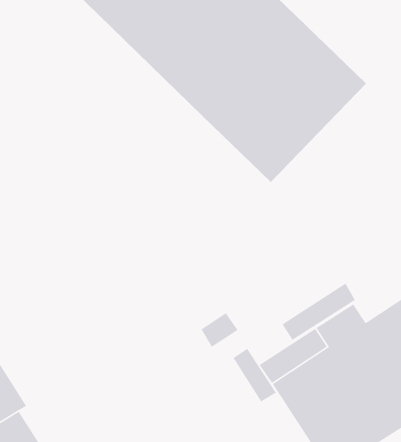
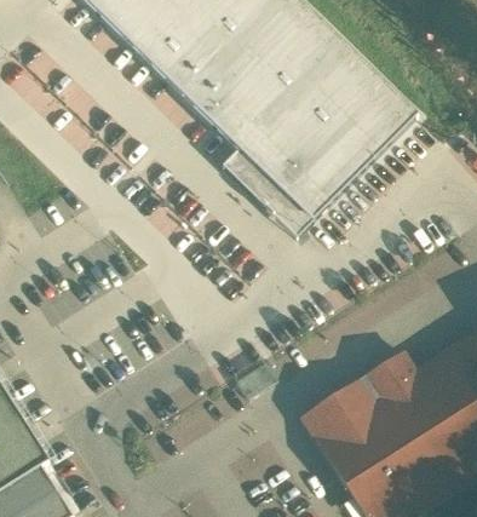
building: none -> [220,144,312,234]
building: [281,283,356,341] -> none
building: [232,348,277,402] -> none

